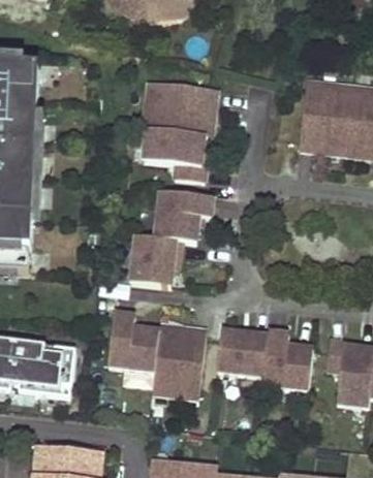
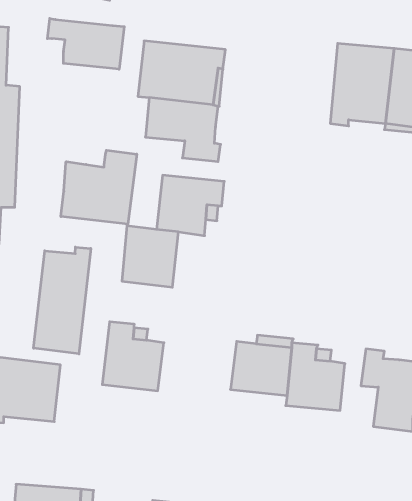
building: none -> [47,18,124,69]
building: none -> [61,150,137,224]
building: none -> [34,247,91,354]
building: [154,328,209,397] -> none

